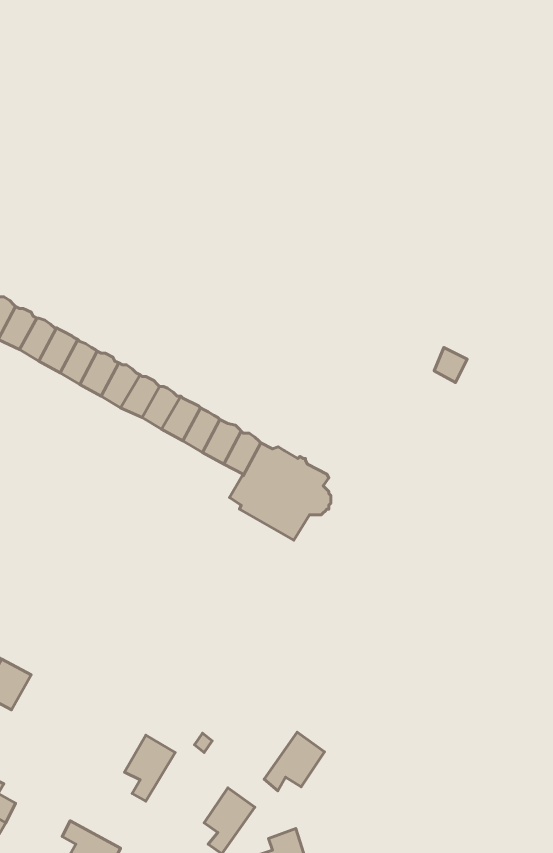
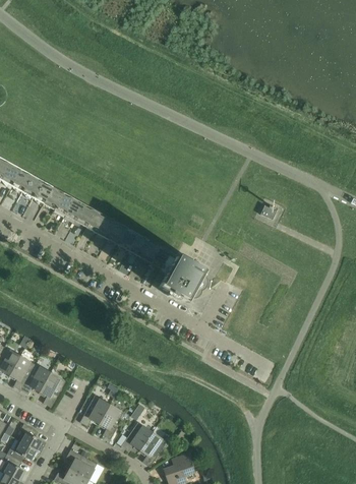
building: none -> [39,373,64,408]
building: none -> [78,397,109,427]
building: [264,732,324,791] -> [120,422,152,452]

